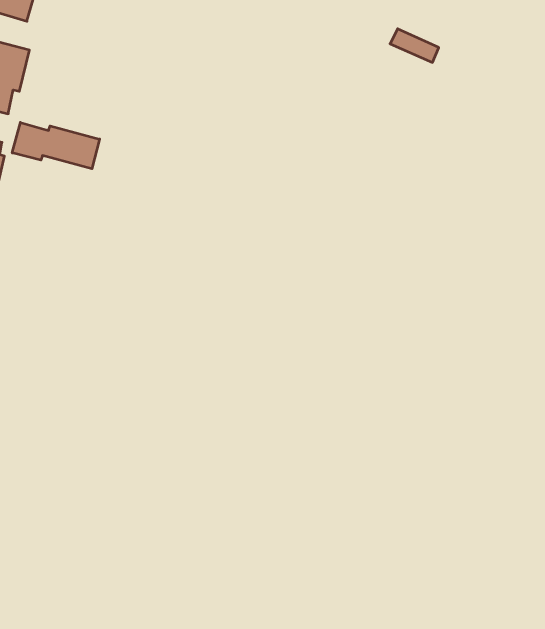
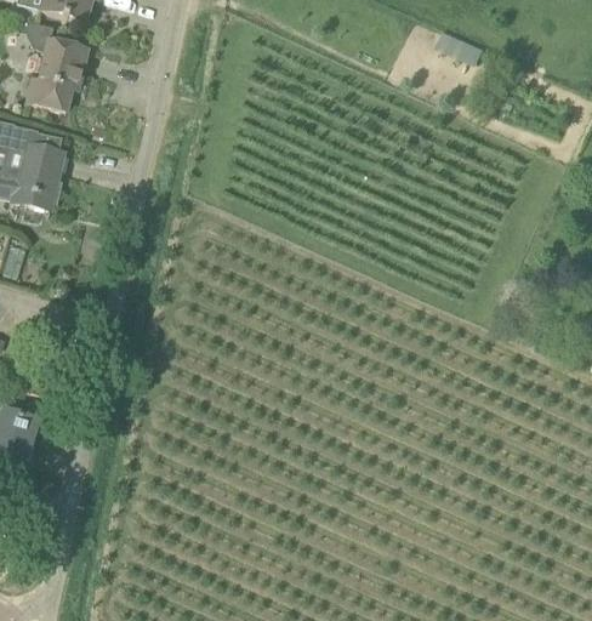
building: [12,122,100,169] -> none

